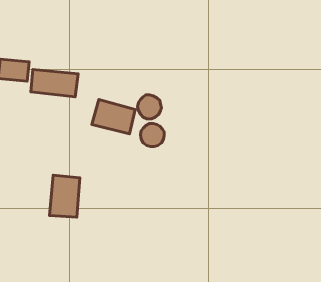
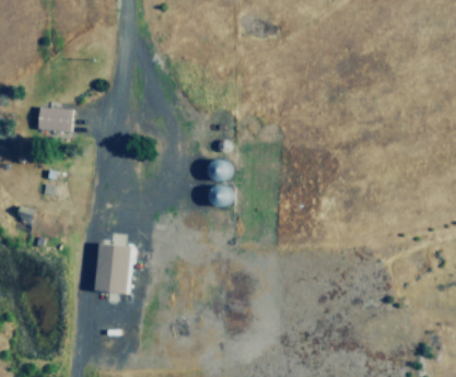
building: [31,69,78,97] -> none
building: [92,100,135,134] -> none

